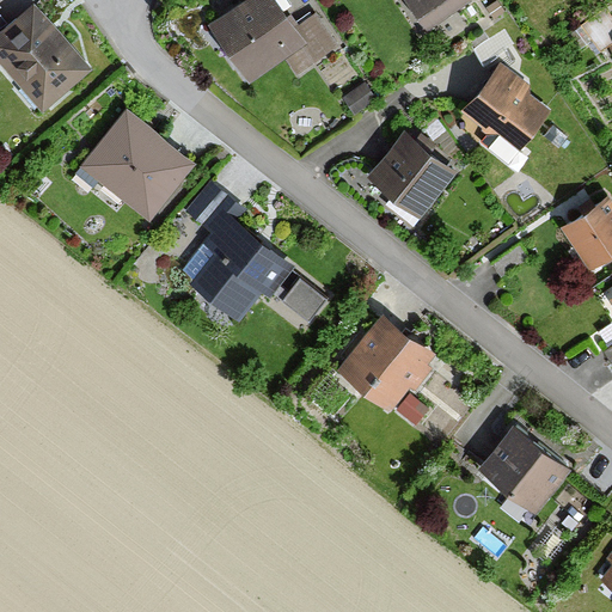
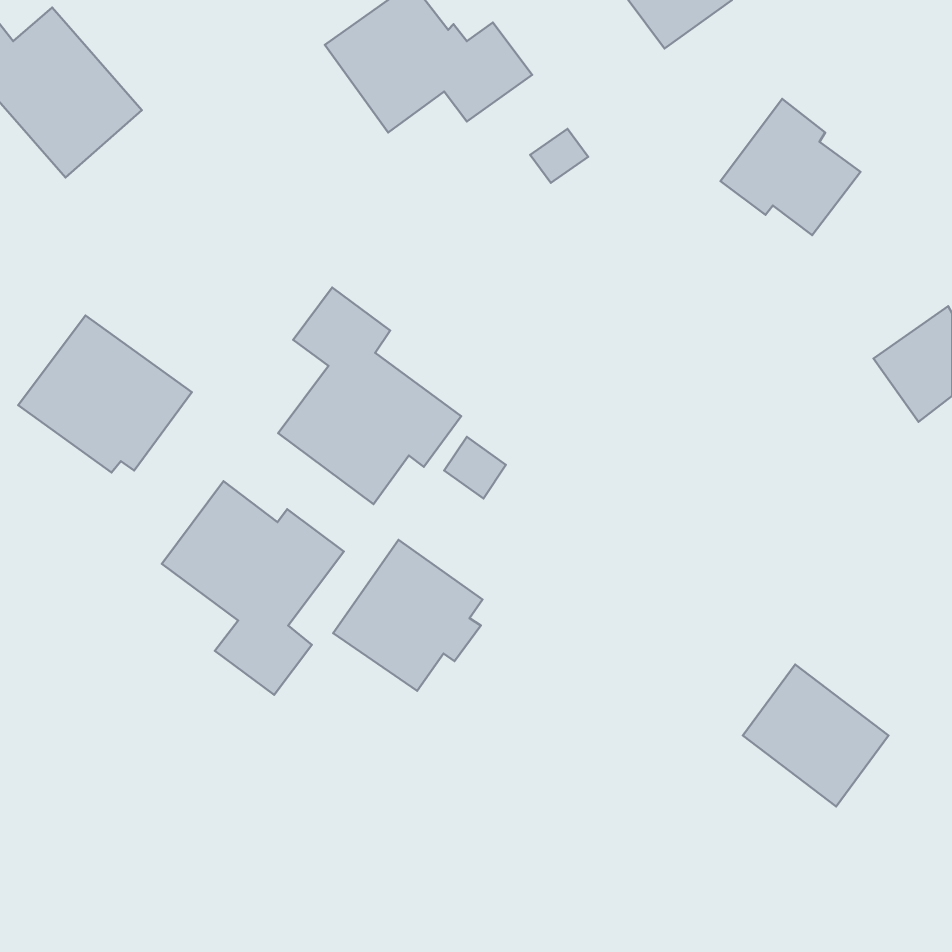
building: [80,111,191,212] -> [18,316,192,472]
building: [366,131,455,220] -> none
building: none -> [162,481,344,695]
building: [337,316,433,412] -> [333,540,483,691]

